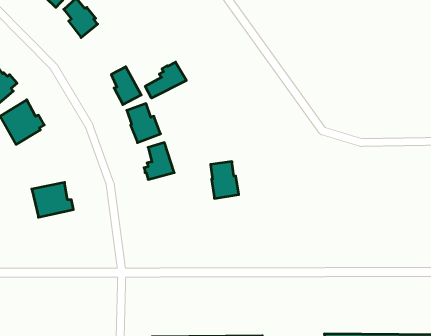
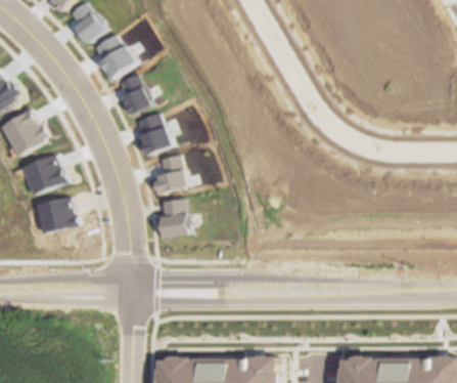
building: none -> [92,36,135,78]
building: [145,62,186,98] -> none
building: none -> [20,156,66,196]
building: [211,162,239,198] -> [158,199,188,238]

